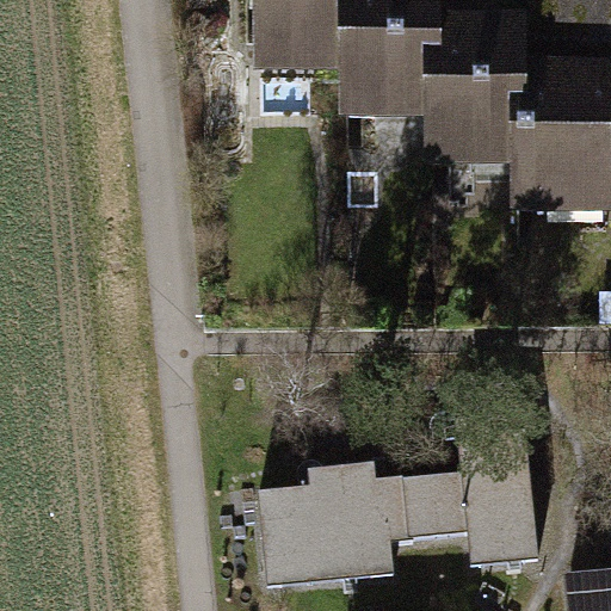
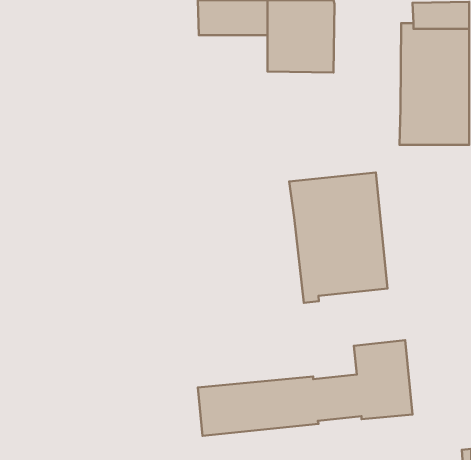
building: [428,24,516,159] -> none
building: none -> [289,173,388,303]

